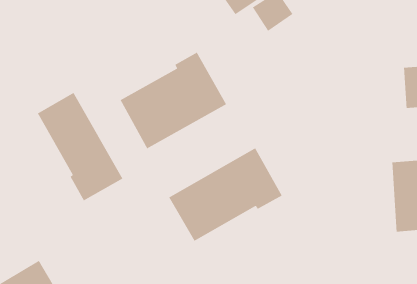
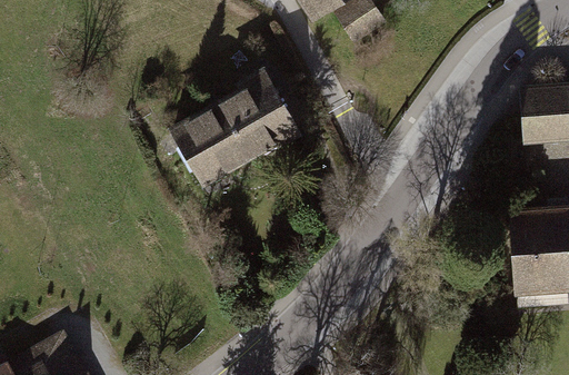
building: [37,92,123,202] -> none
building: [168,147,283,242] -> none

